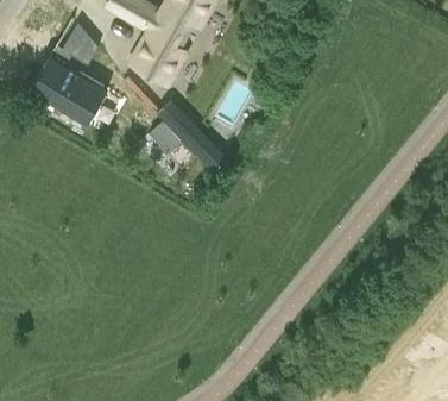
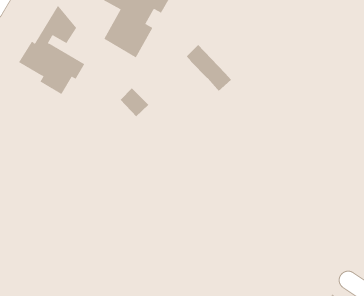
building: [157,101,210,157] -> [186,44,232,92]

